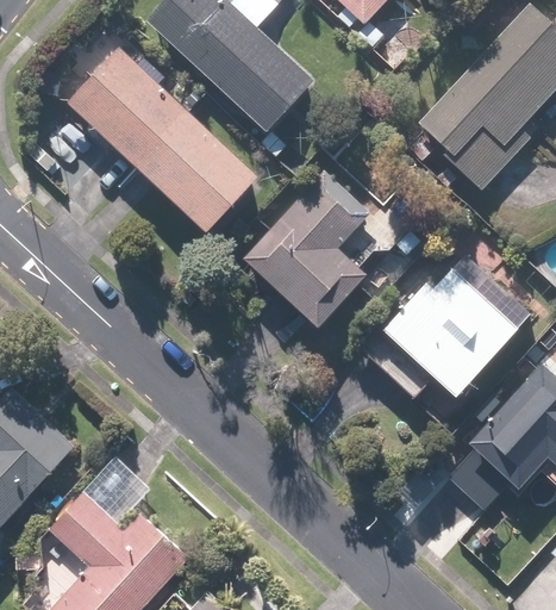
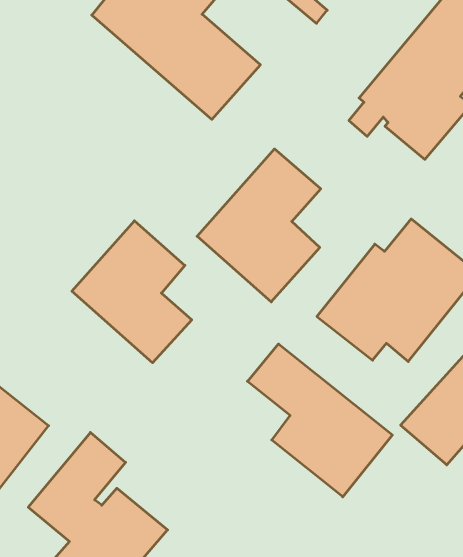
building: [67,46,256,235] -> none
building: none -> [72,221,192,363]
building: none -> [247,344,392,497]

